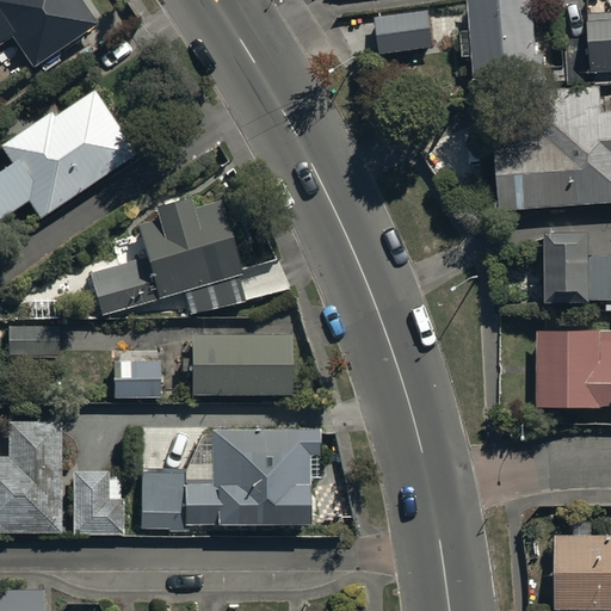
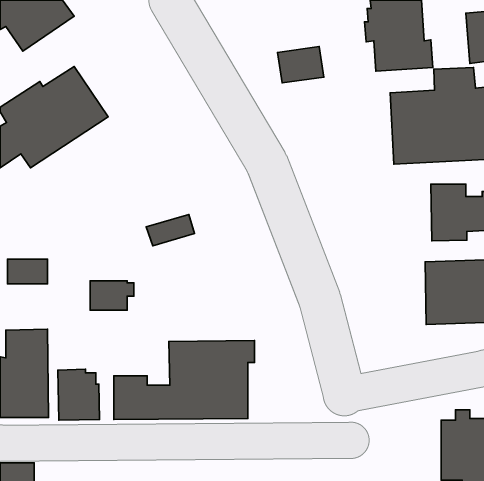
building: [374,11,432,56] -> [277,47,324,83]
building: [90,192,243,313] -> none
building: [191,331,291,391] -> none

